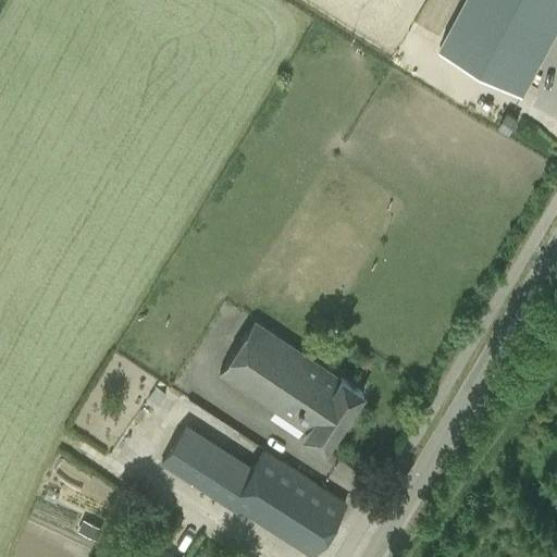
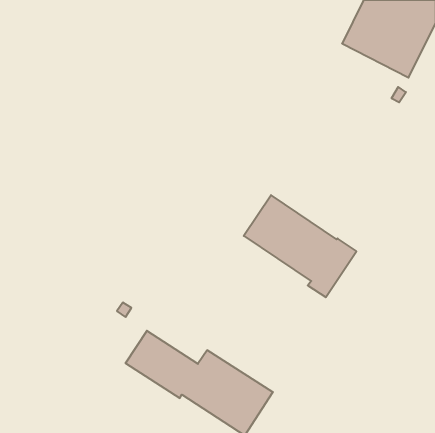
building: [221,322,364,453] -> [244,195,356,297]

